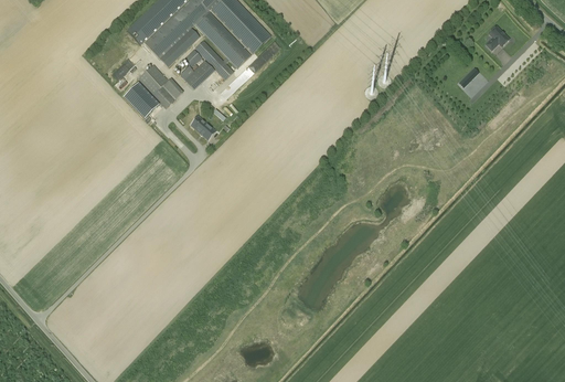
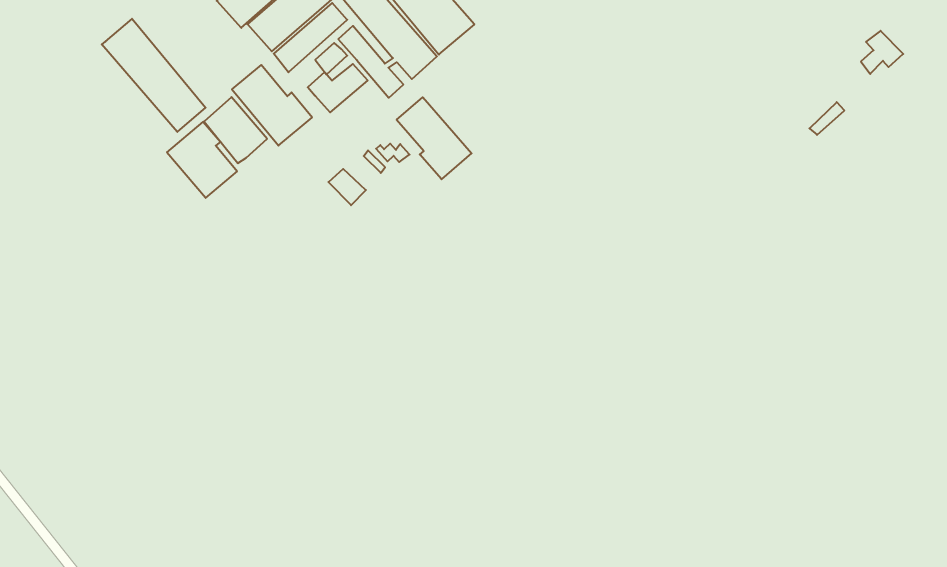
building: none -> [102,19,206,132]
building: none -> [397,97,472,179]
building: none -> [167,122,237,198]

